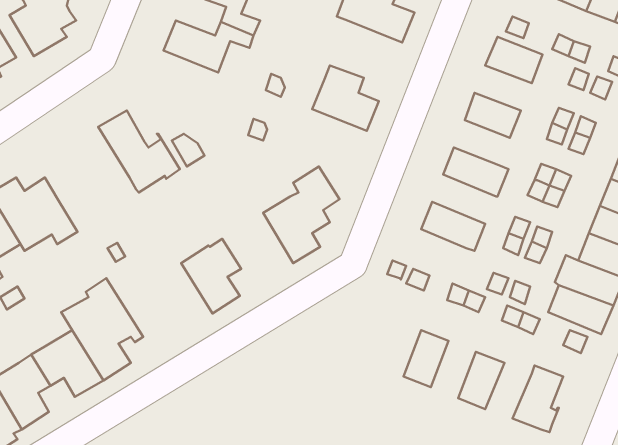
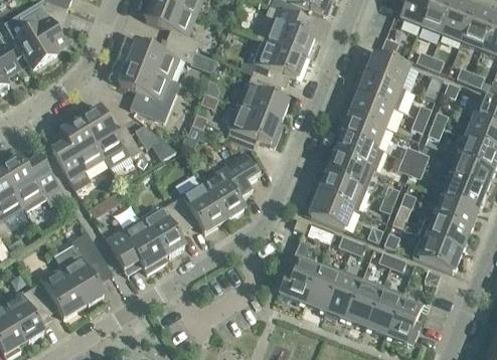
building: none -> [252,40,305,82]
building: none -> [120,62,174,117]
building: none -> [358,73,406,109]
building: none -> [225,106,279,150]
building: none -> [343,114,384,147]
building: none -> [51,119,104,190]
building: none -> [327,154,374,190]
building: none -> [172,182,224,232]
building: none -> [310,194,352,228]
building: none -> [107,219,165,268]
building: none -> [280,239,322,303]
building: none -> [325,269,362,320]
building: none -> [366,293,400,334]

